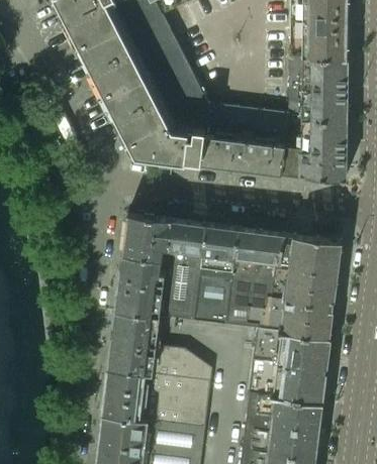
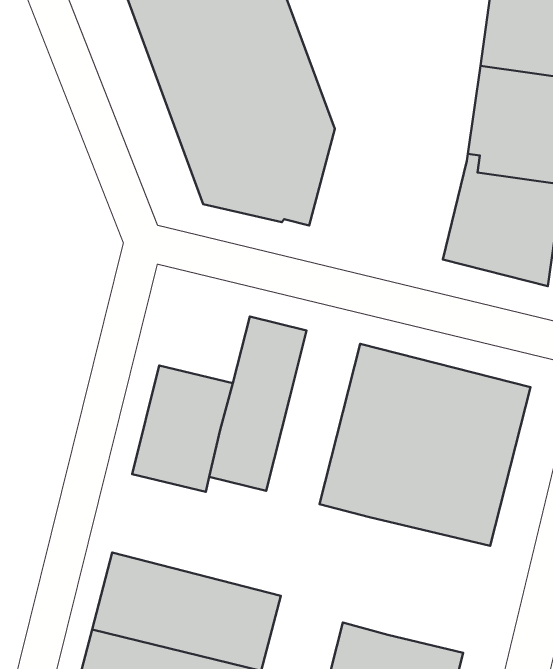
building: [200,106,288,176] -> none
building: [122,217,172,262] -> none
building: [194,226,239,327] -> none
building: [108,323,211,383] -> none
building: [249,331,329,403] -> none

